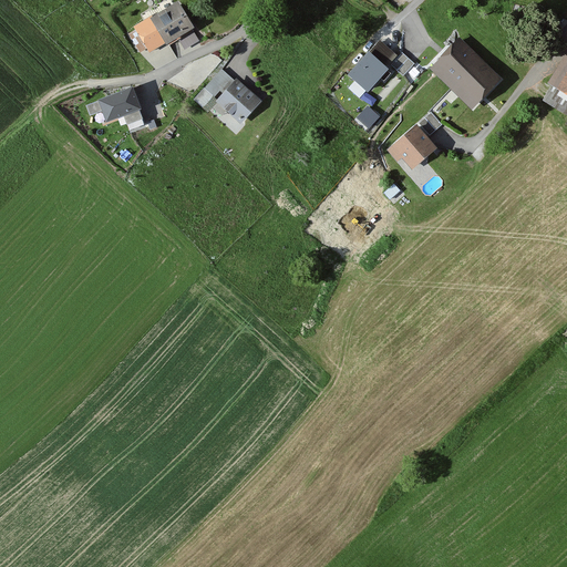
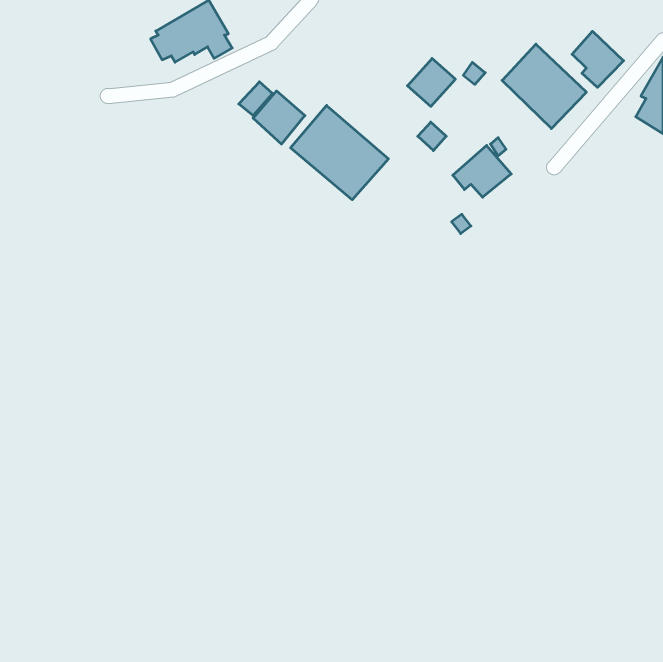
building: none -> [572,31,624,87]
building: [97,86,141,121] -> none
building: none -> [291,105,388,200]

